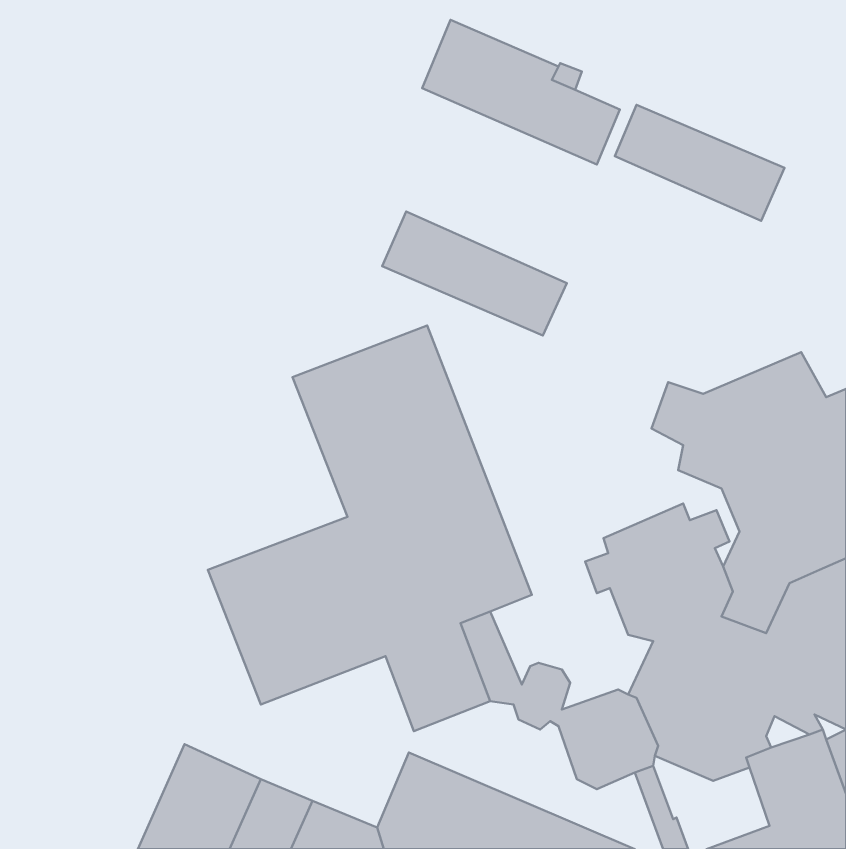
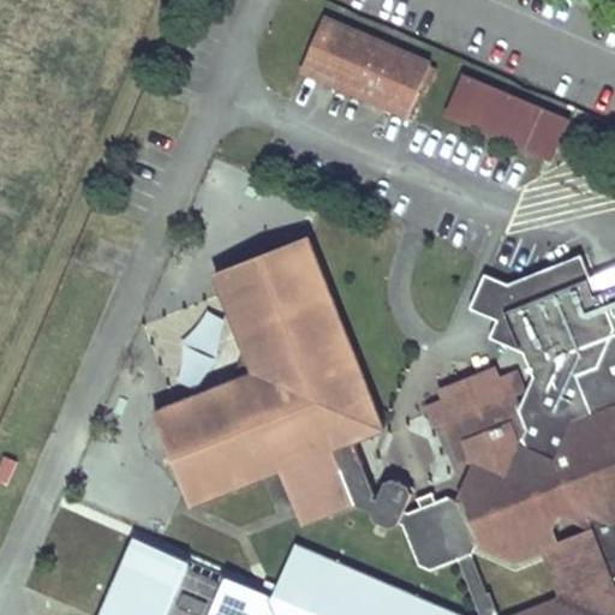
building: [382,211,567,336] -> none

